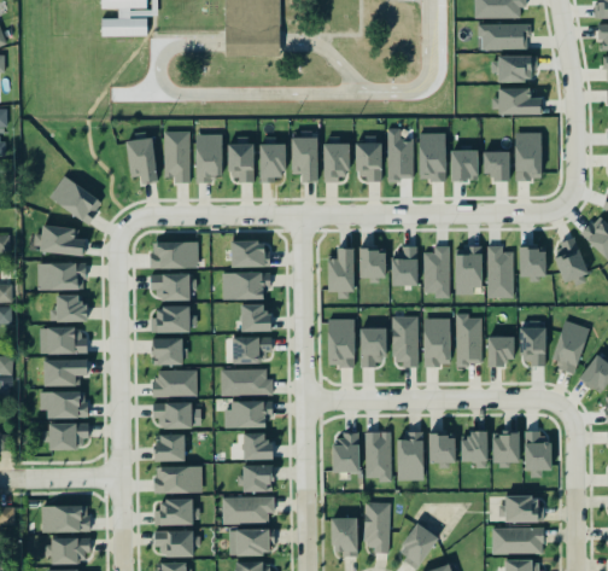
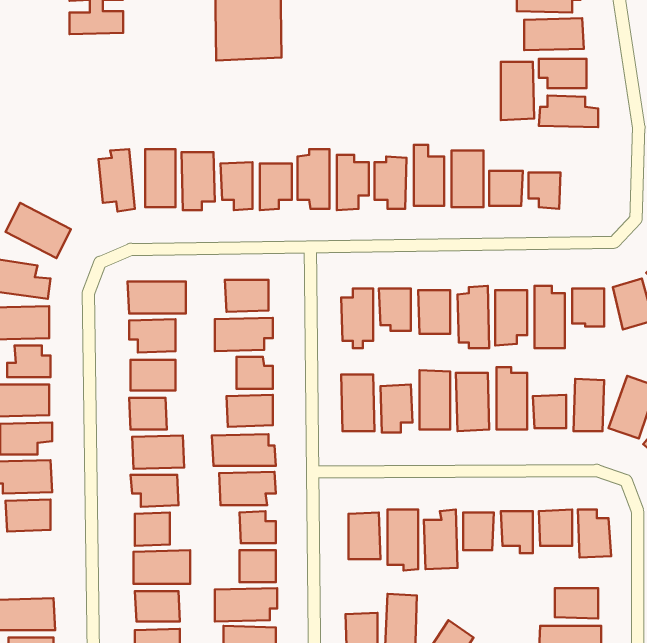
building: [514,132,542,180] -> [501,62,534,120]

